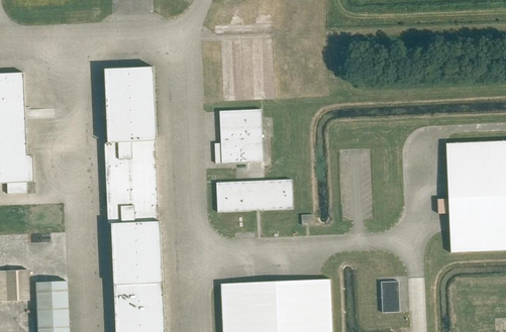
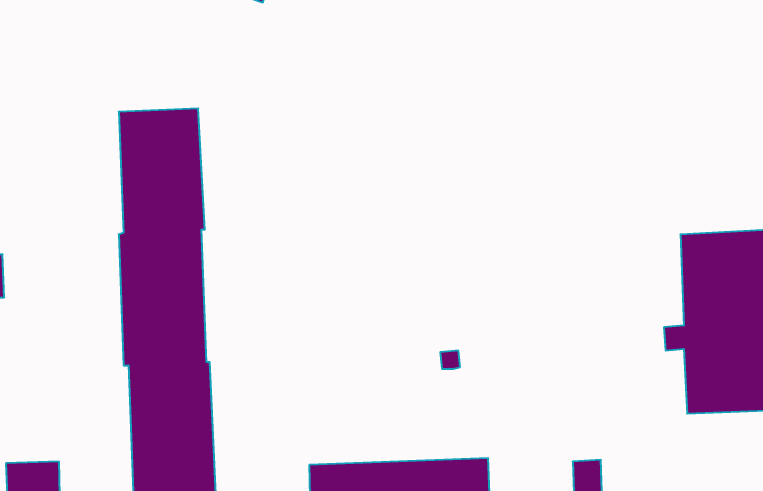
building: [214,109,263,163] -> none
building: [216,180,292,212] -> none

